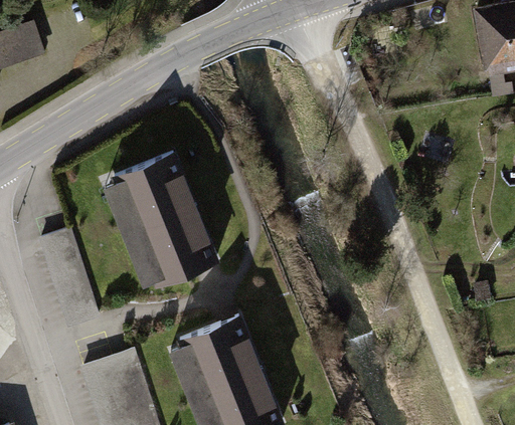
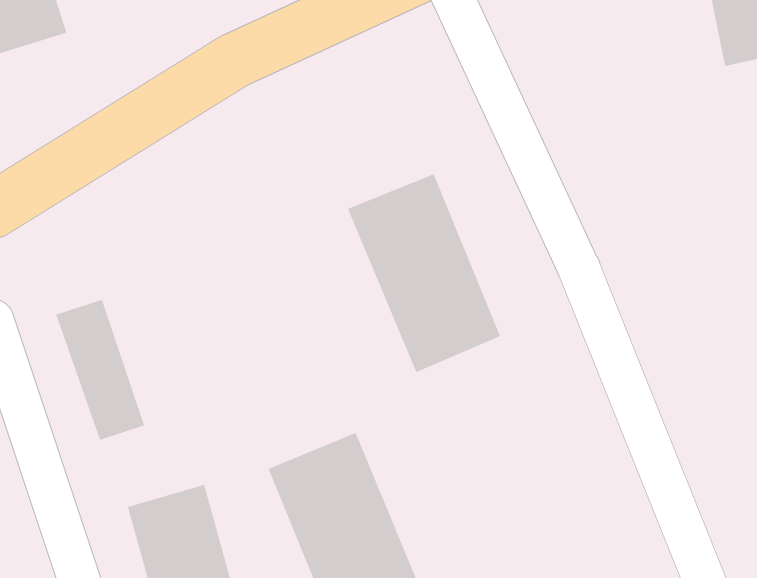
building: [112,153,213,284] -> [347,173,501,373]

